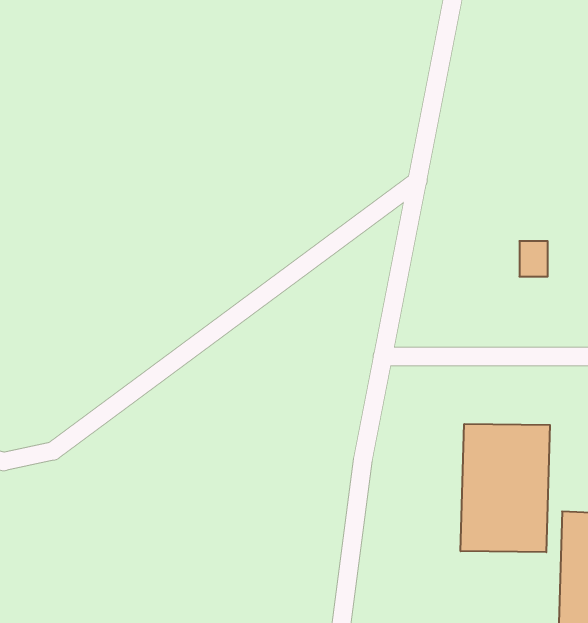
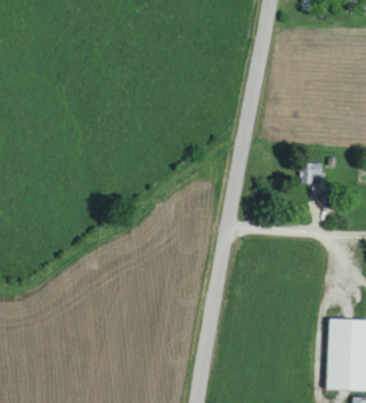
building: [461,424,550,552] -> none

